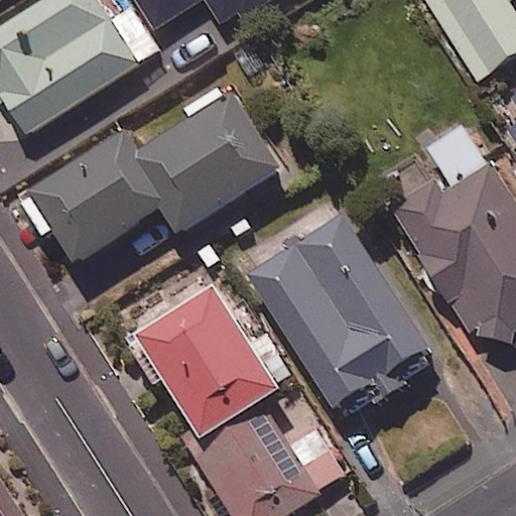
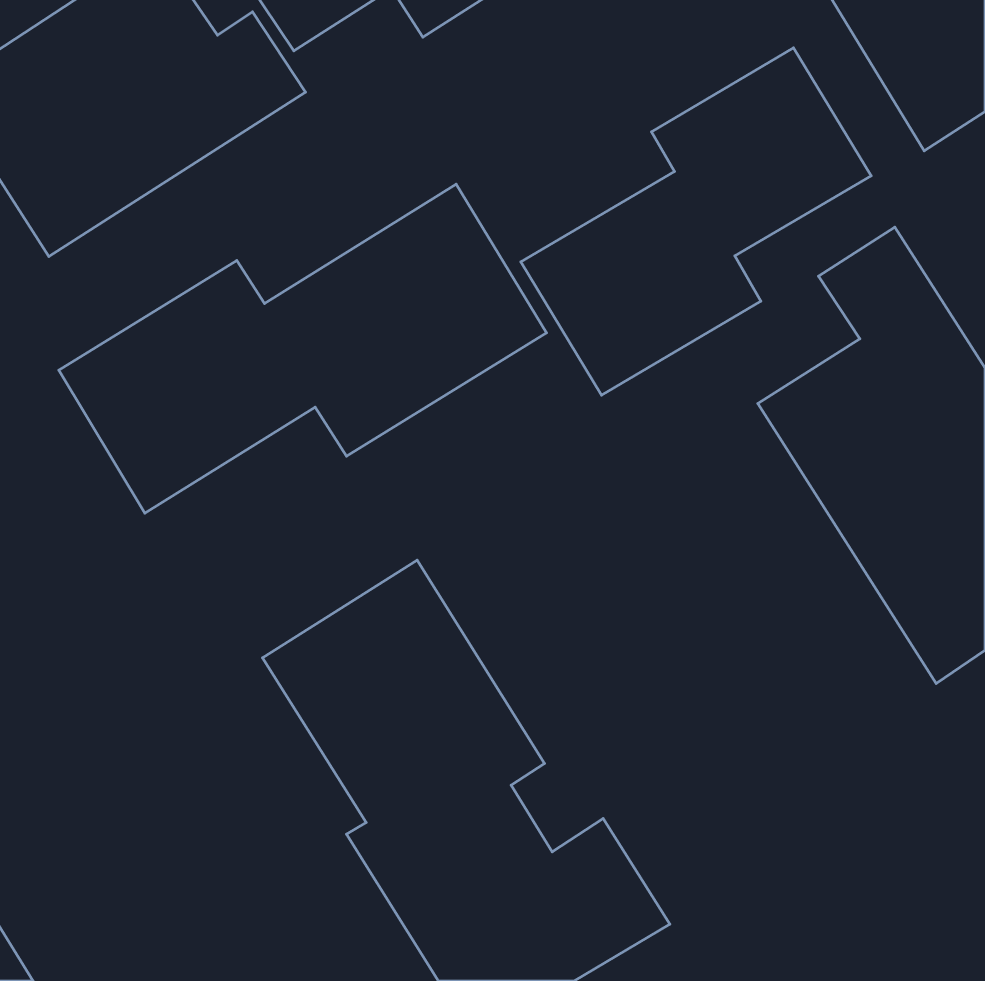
building: none -> [521,48,871,395]
building: [249,215,430,411] -> none

